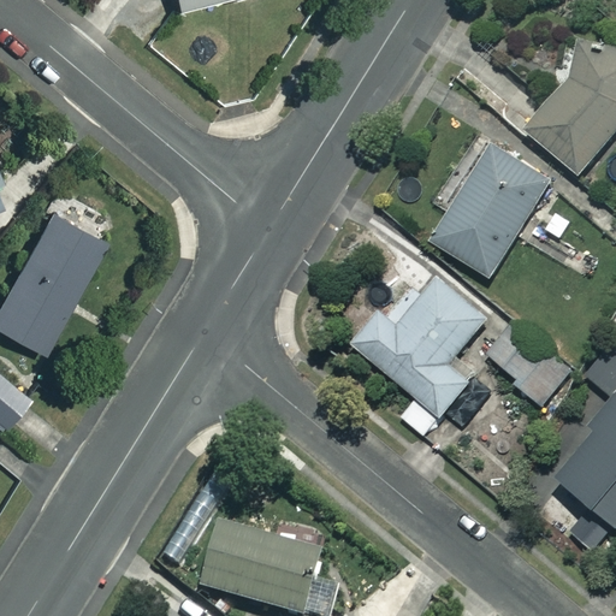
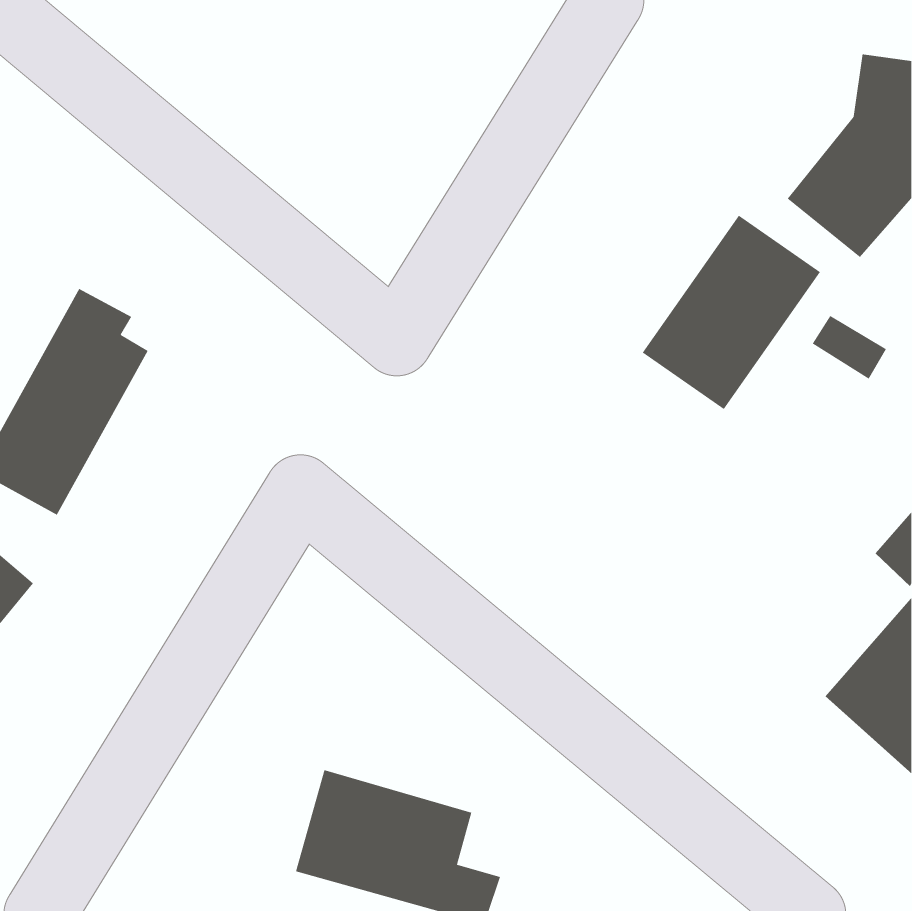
building: [353,274,488,440] -> none
building: [490,322,573,407] -> none

